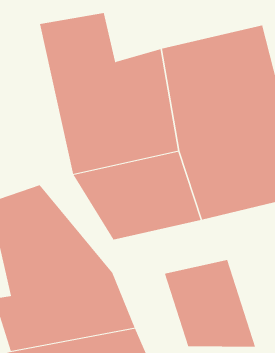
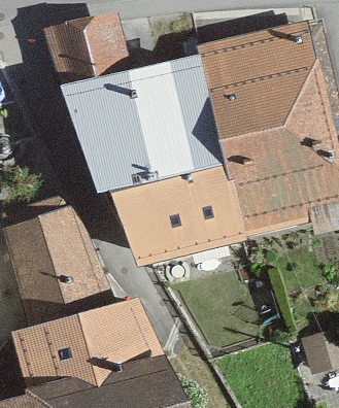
building: [164,259,256,348] -> none

